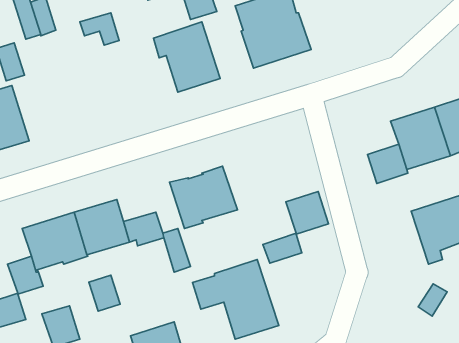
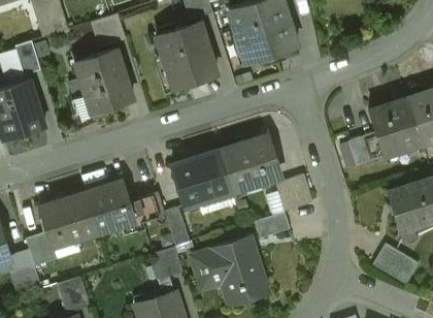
building: none -> [74,49,132,113]
building: none -> [218,135,278,192]
building: none -> [372,243,406,277]
building: [89,275,120,311] -> [155,246,182,278]

